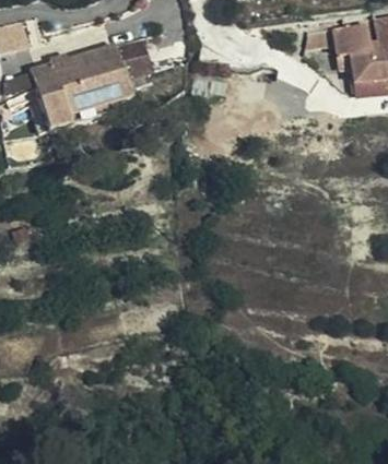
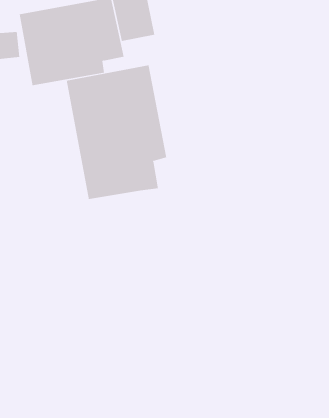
building: none -> [66,64,167,200]

